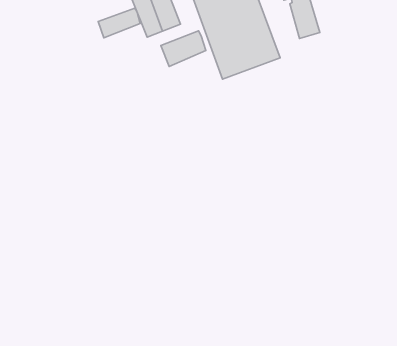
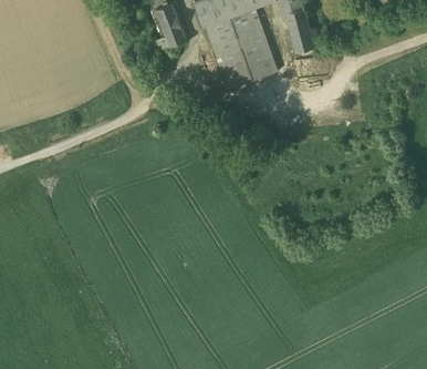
building: [98,8,140,38] -> none
building: [161,31,206,66] -> none

